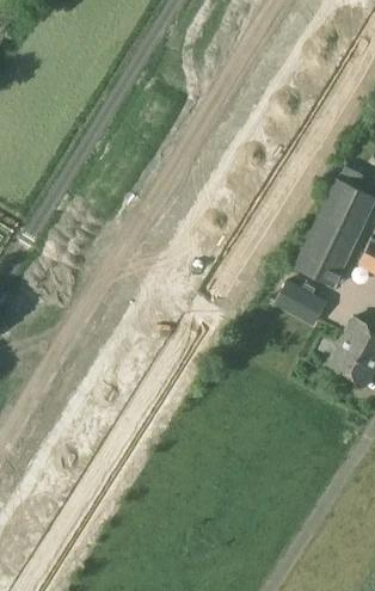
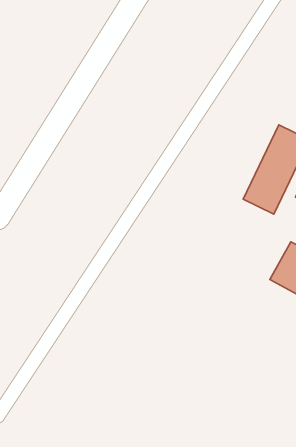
building: [273,283,322,324] -> none

